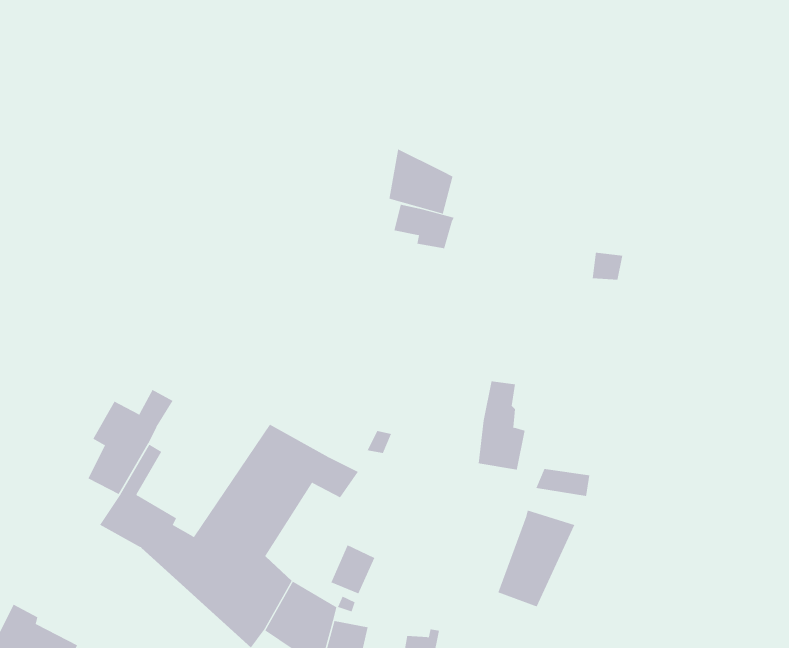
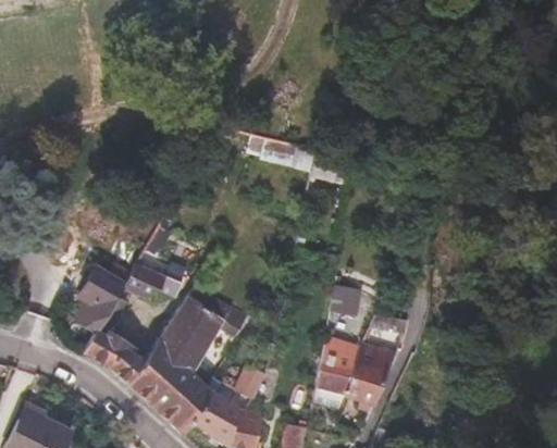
building: [389,148,453,214] -> none
building: none -> [121,261,187,302]
building: none -> [312,335,363,408]

